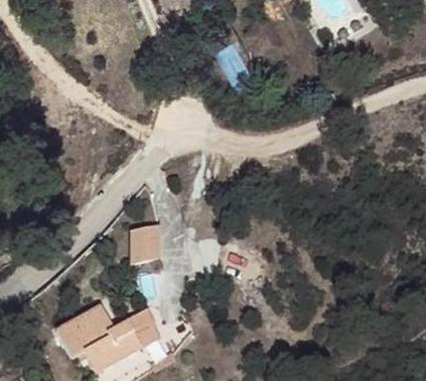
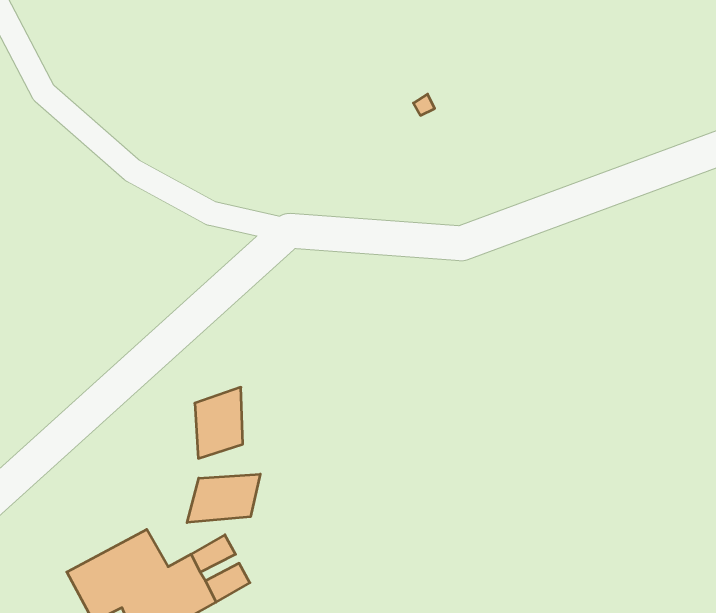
building: none -> [187,474,260,523]

